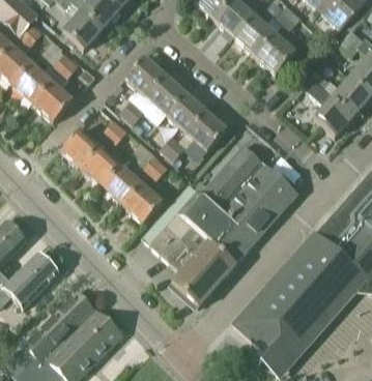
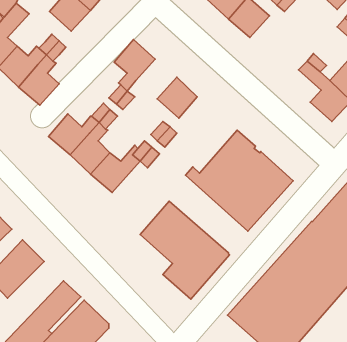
building: [256,34,295,74] -> none
building: [146,76,185,114] -> none
building: [188,112,226,150] -> none
building: [123,183,163,223] -> none
building: [142,183,254,262] -> none

